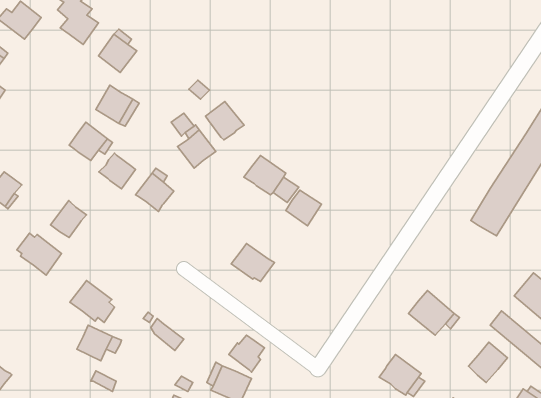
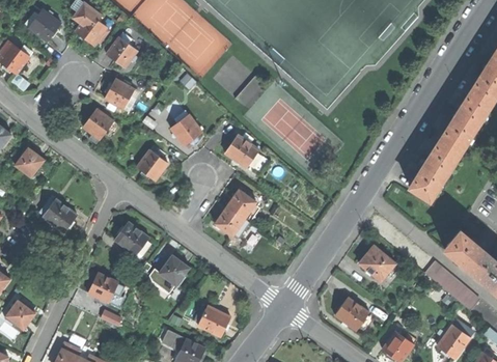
building: [206,101,244,140] -> none
building: [99,153,136,189] -> none
building: [286,190,321,226] -> [226,190,255,219]
building: [50,200,87,238] -> none
building: [70,280,114,323] -> [114,222,150,256]
building: [229,335,264,372] -> [159,256,188,286]
building: [469,342,508,383] -> none

